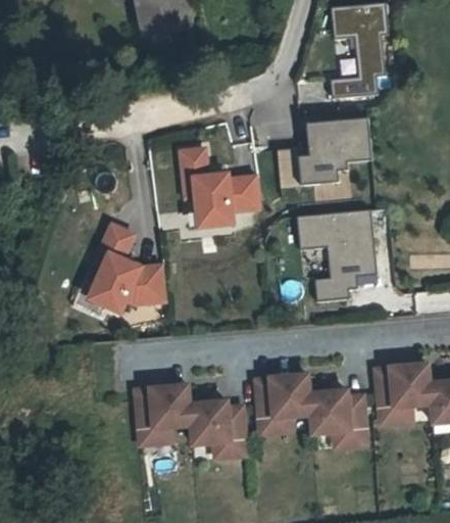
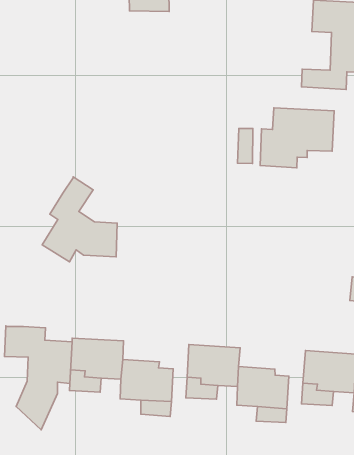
building: [181,148,261,226] -> none
building: [297,208,378,301] -> none
building: none -> [5,326,72,430]

